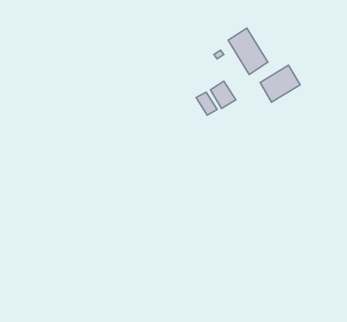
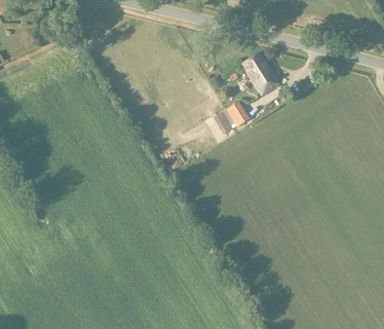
building: [260,65,300,102] -> none

